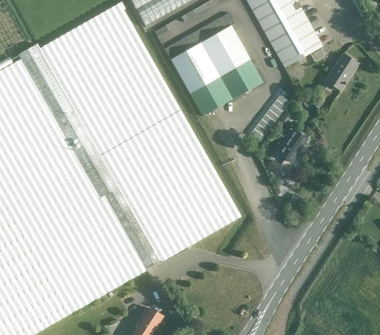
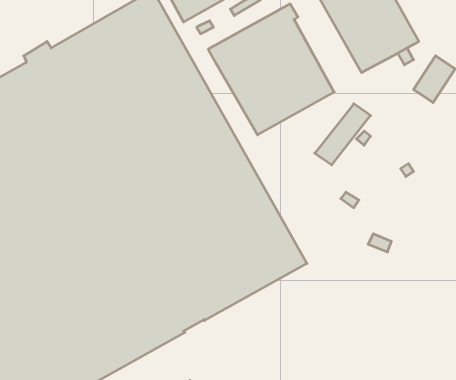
building: [278,129,307,162] -> none

